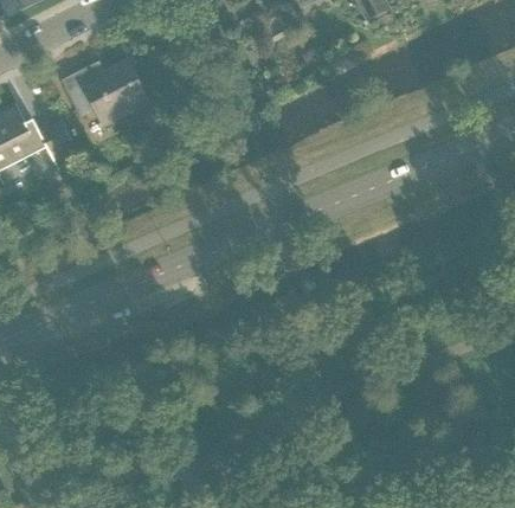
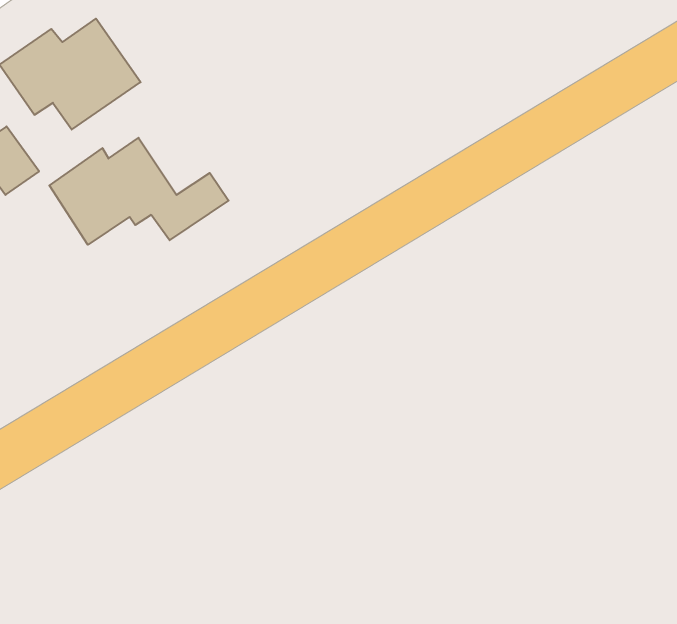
building: none -> [49,138,229,245]

